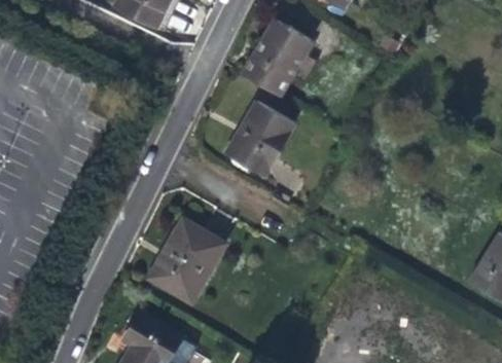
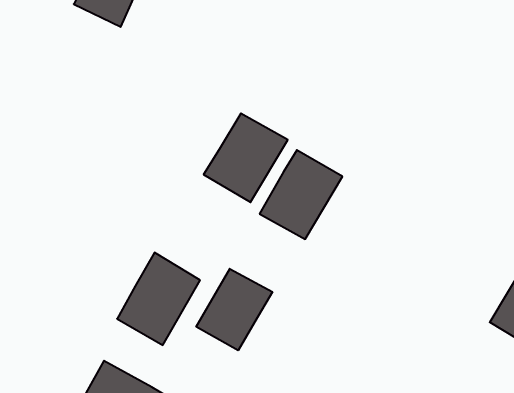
building: [242,22,313,98] -> [260,150,342,239]
building: none -> [196,269,272,350]

